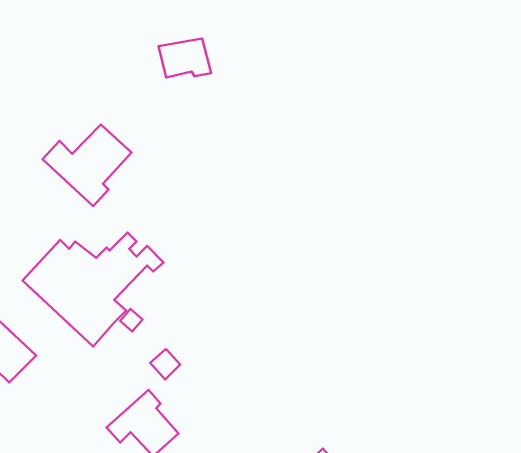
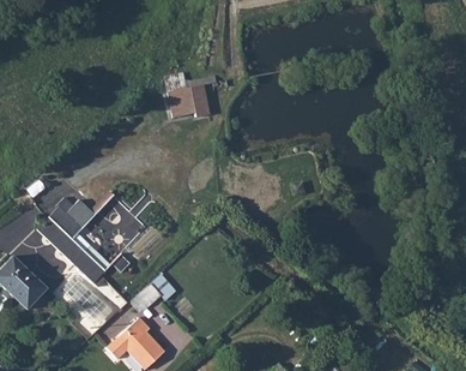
building: [159,39,211,78] -> [168,84,210,115]
building: [42,124,132,206] -> none

